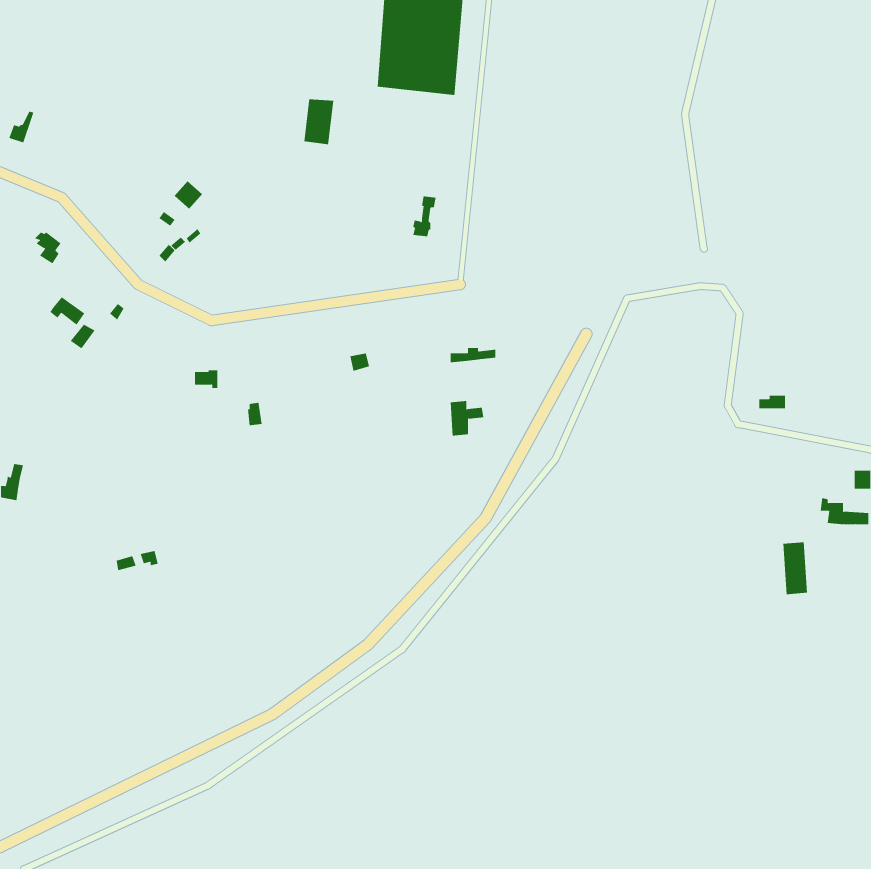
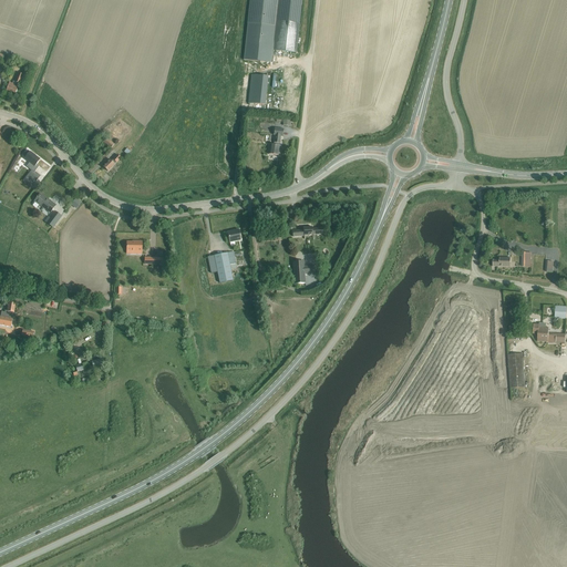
building: [303,99,334,145] -> [248,74,268,104]
building: none -> [207,251,237,282]

